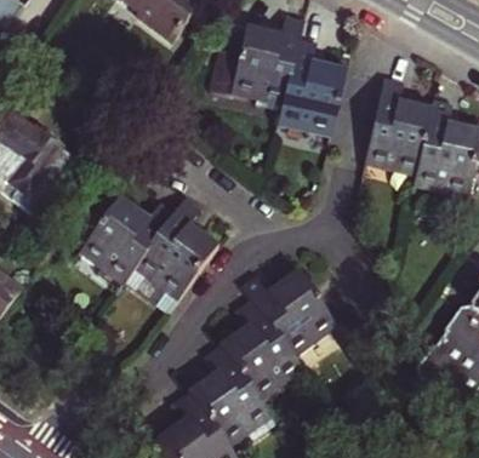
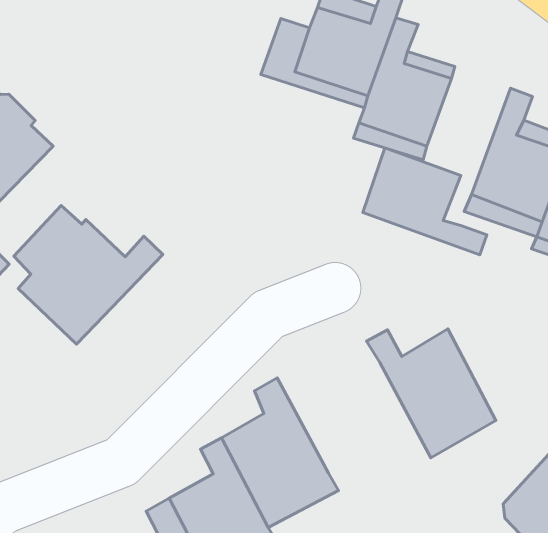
building: none -> [363,148,487,255]
building: [122,207,207,309] -> none
building: [241,268,337,357] -> [367,329,496,458]

